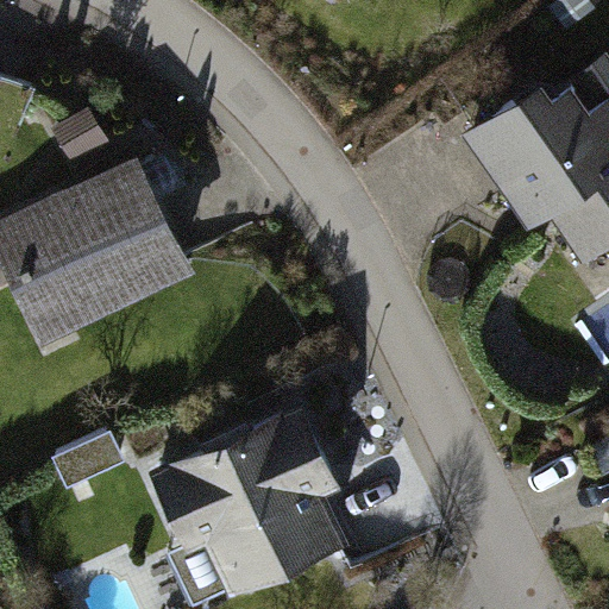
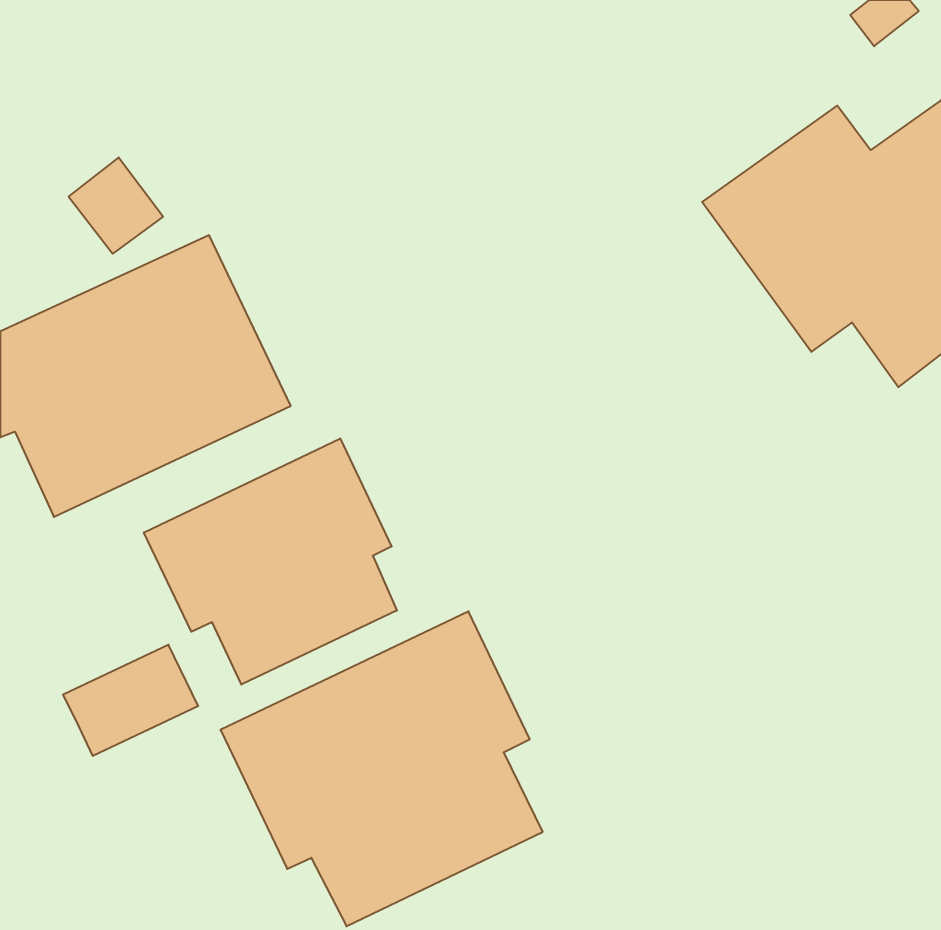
building: none -> [144,438,397,685]

